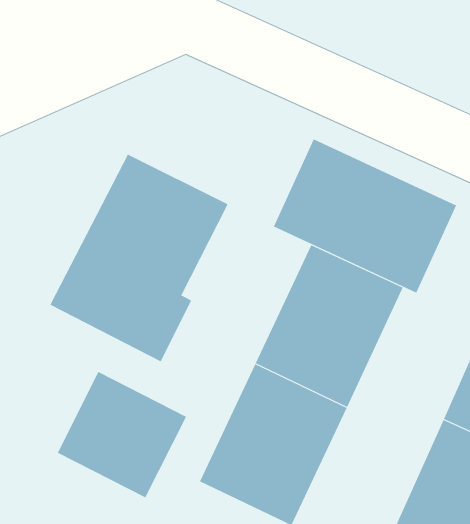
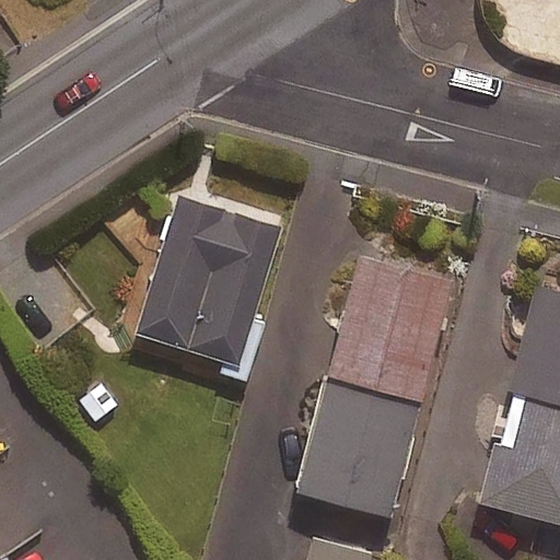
building: [273,138,457,294] -> none
building: [57,371,187,498] -> none

